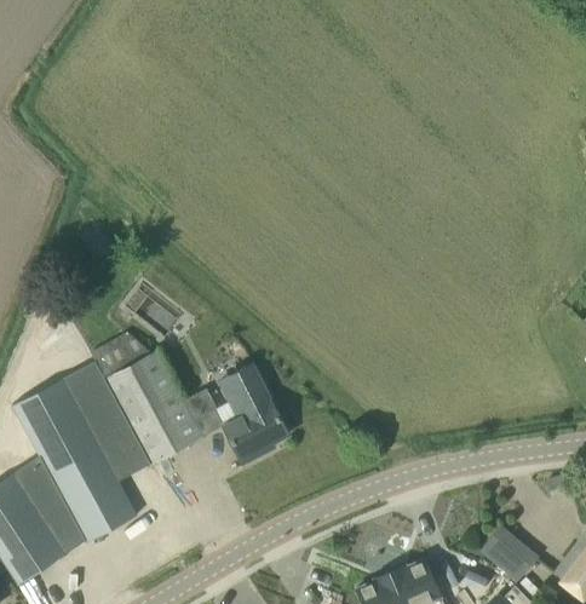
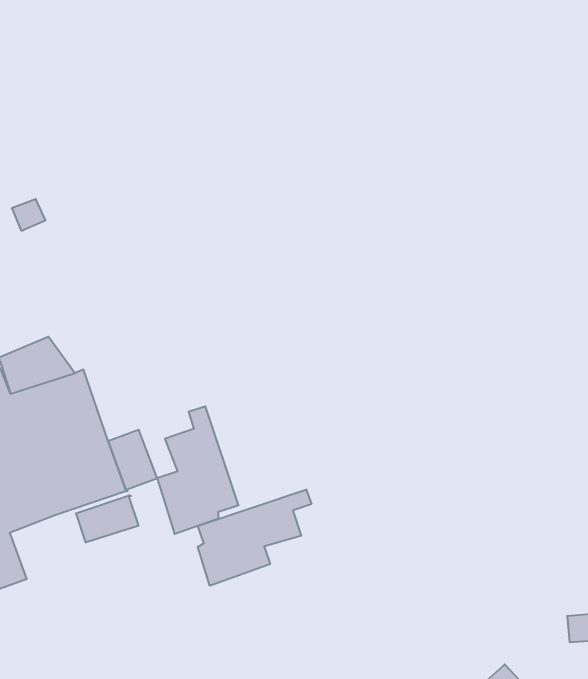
building: none -> [198,489,311,586]
building: none -> [76,495,138,543]

